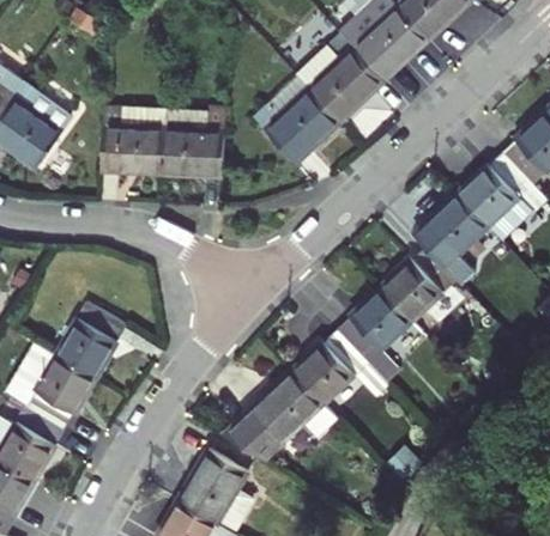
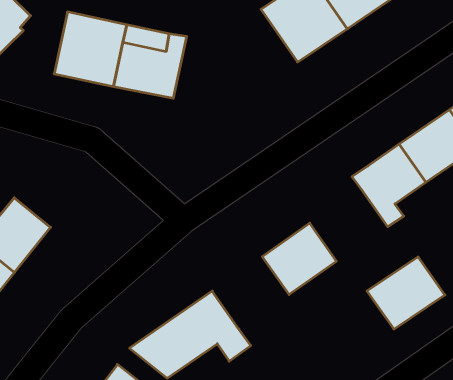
building: [256,83,343,169] -> none
building: [380,243,458,318] -> [367,257,445,329]
building: [294,325,385,401] -> none

